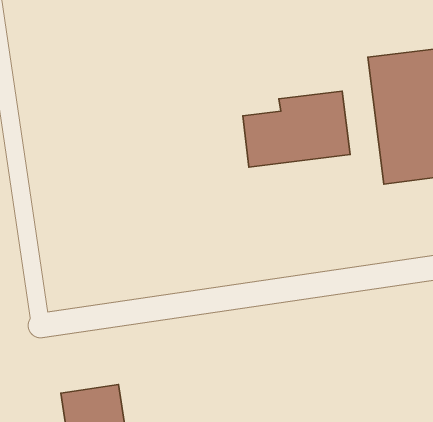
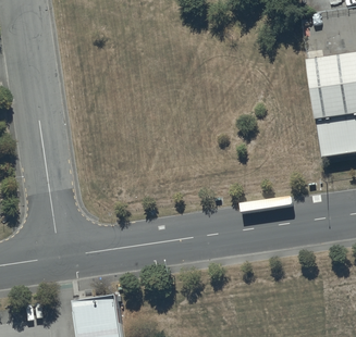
building: [243,91,350,167] -> none

